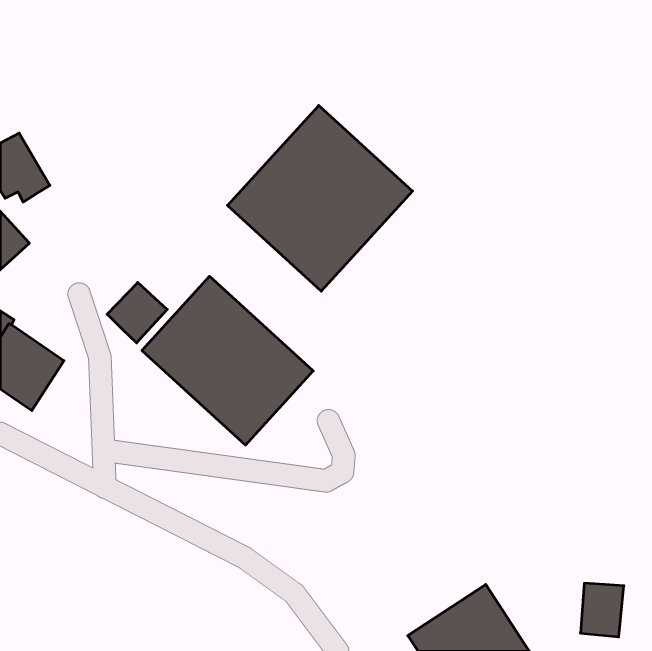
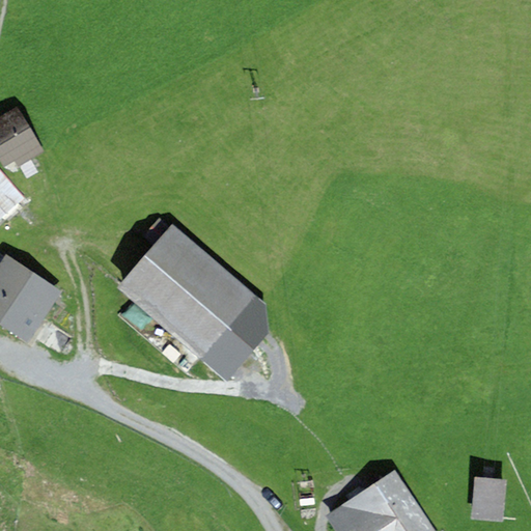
building: [227,105,413,291] -> none
building: [107,282,167,343] -> none
building: none -> [200,301,272,380]

